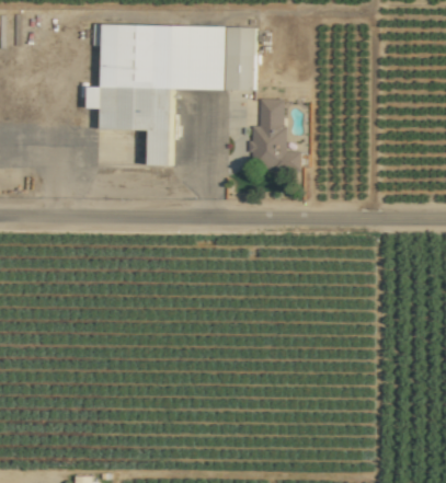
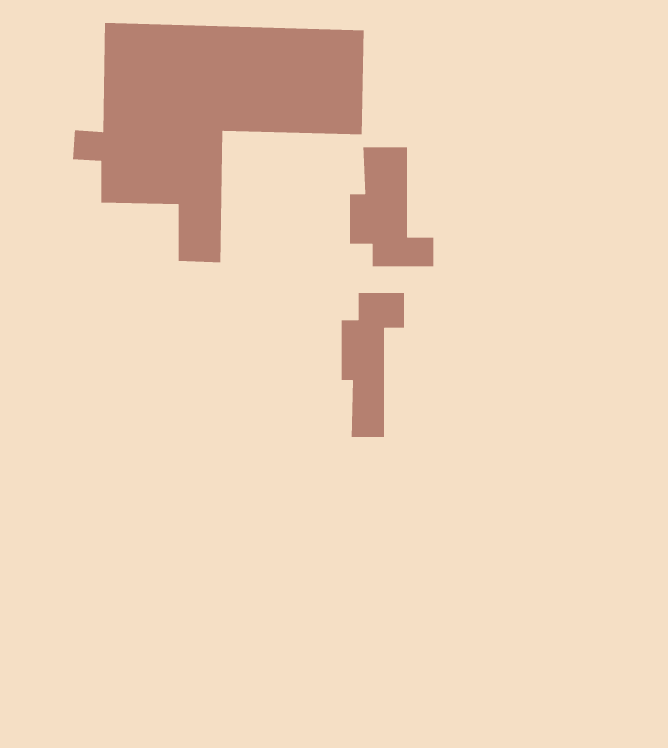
building: none -> [341,292,405,438]

